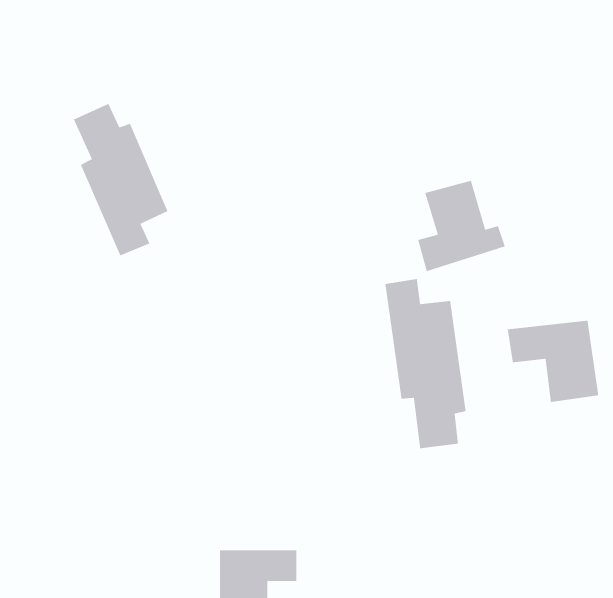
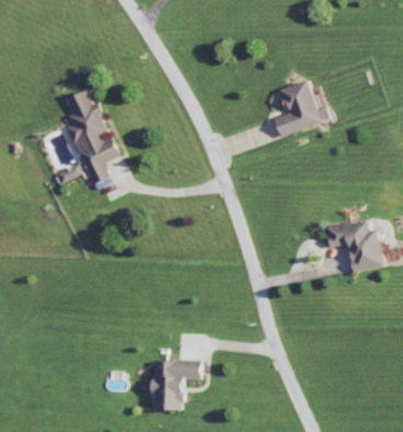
building: [417,180,506,272] -> [276,80,330,136]
building: [385,278,467,449] -> none

